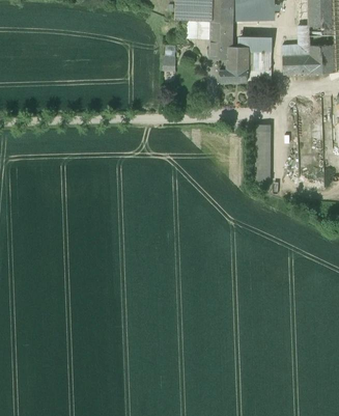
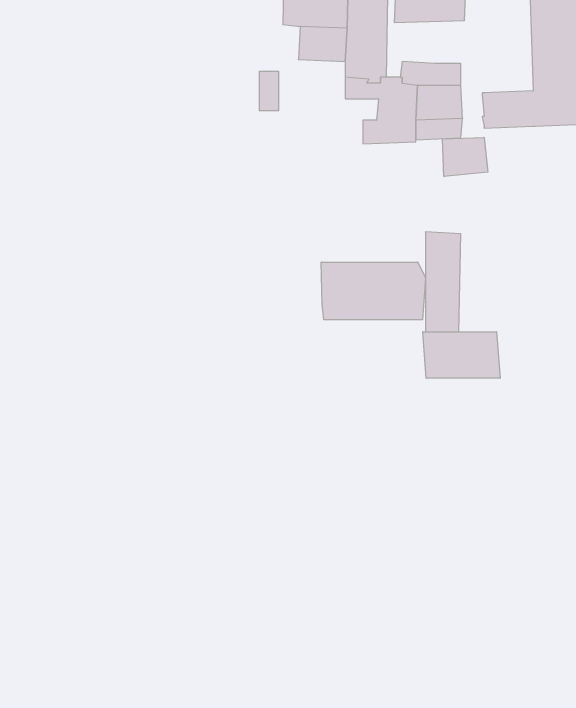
building: none -> [442,137,488,177]
building: none -> [321,262,425,320]
building: none -> [423,332,500,378]

